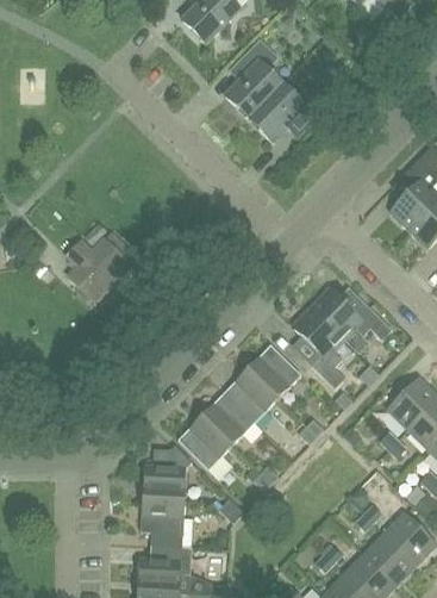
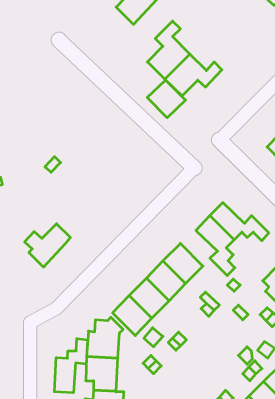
building: none -> [147,80,186,118]
building: [68,231,131,291] -> [25,224,70,267]
building: none -> [54,339,88,393]

